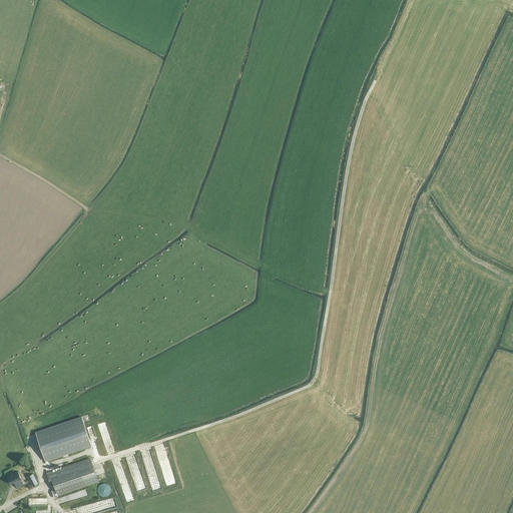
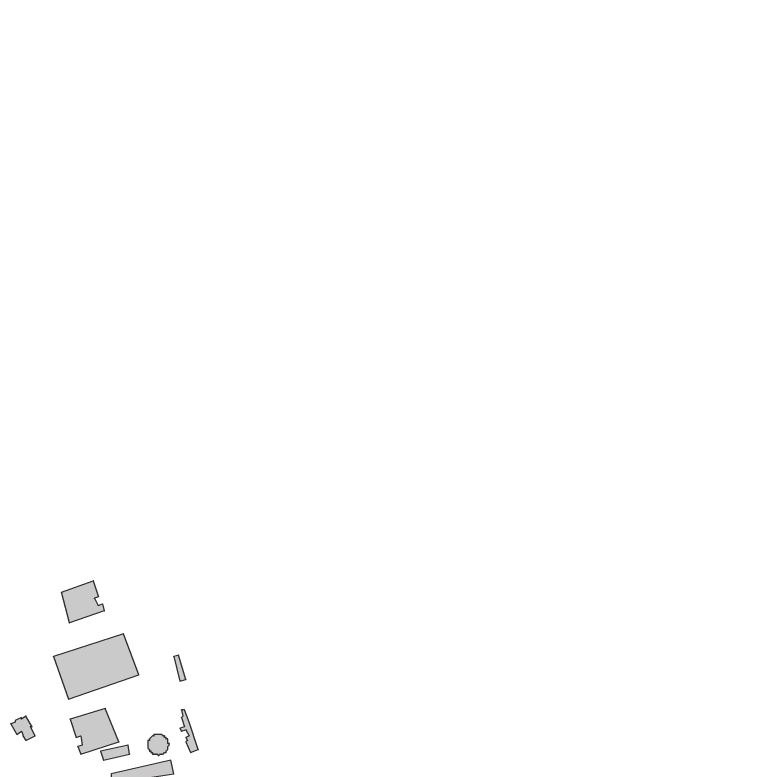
building: none -> [62,581,104,623]
building: [69,460,97,489] -> none

